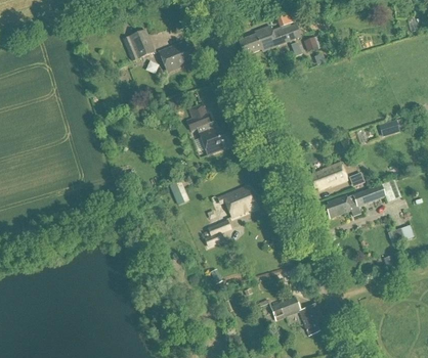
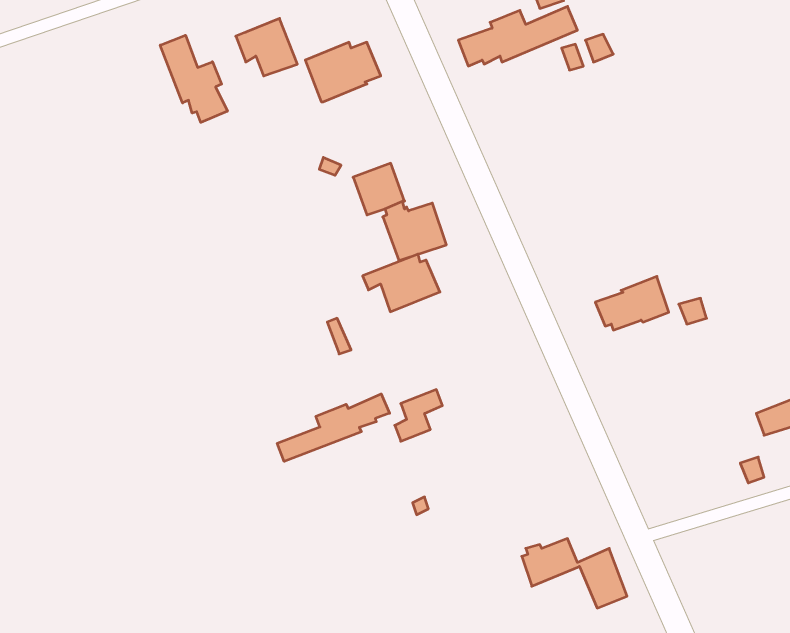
building: none -> [160,35,227,122]
building: [325,180,400,219] -> none
building: [217,187,257,217] -> [363,254,440,312]
building: none -> [277,394,390,461]

